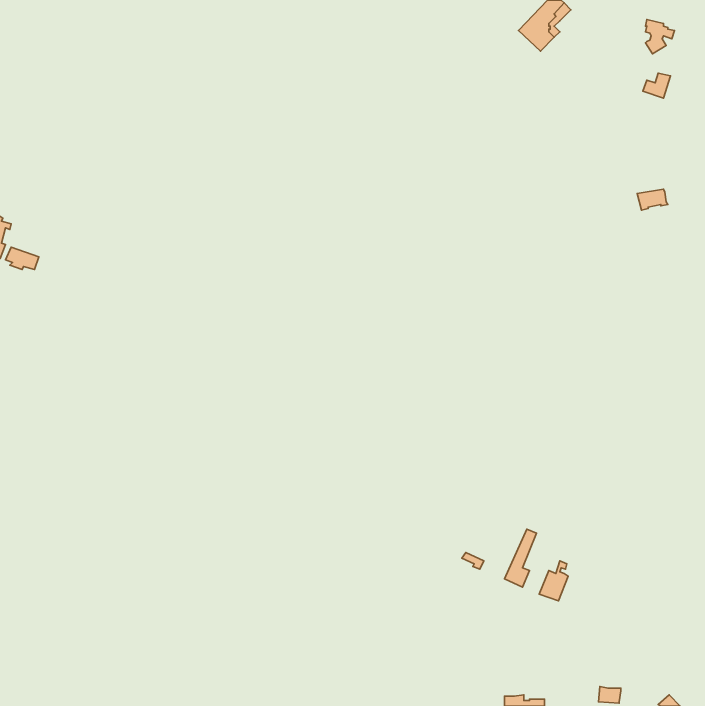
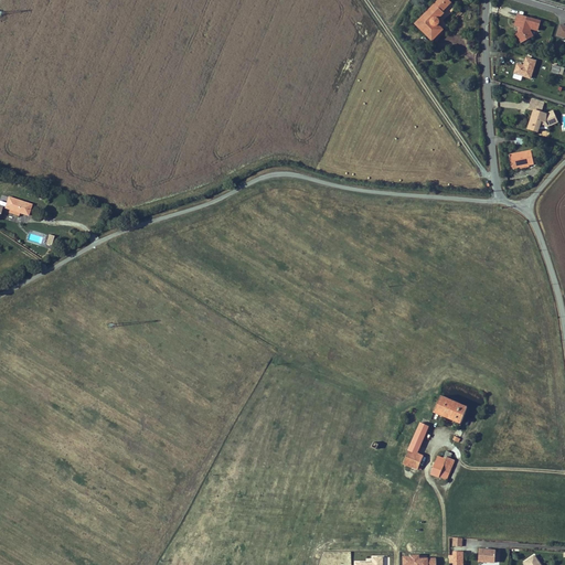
building: none -> [527,98,556,131]
building: none -> [431,396,467,425]

